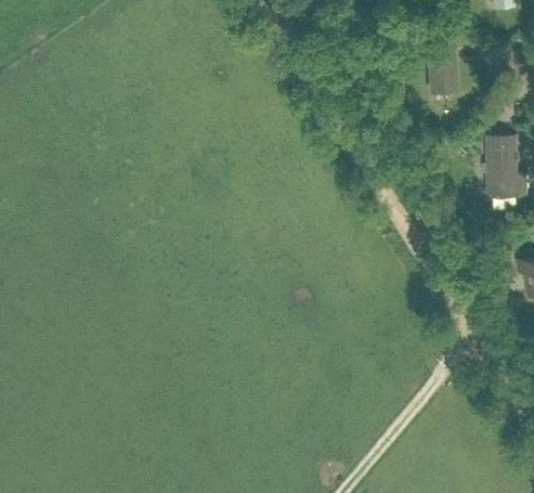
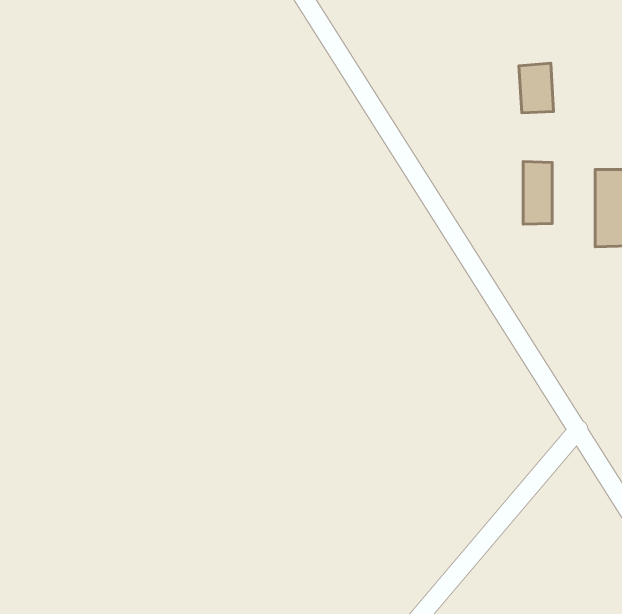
building: none -> [523,161,552,224]

